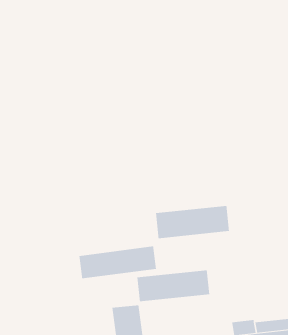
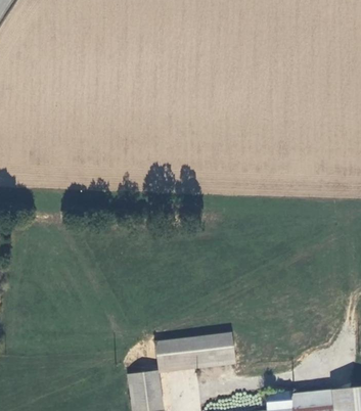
building: [155,205,230,239] -> none
building: [79,246,156,279] -> none

